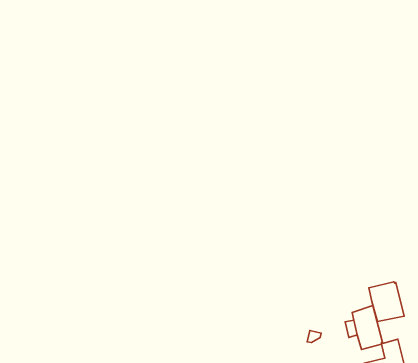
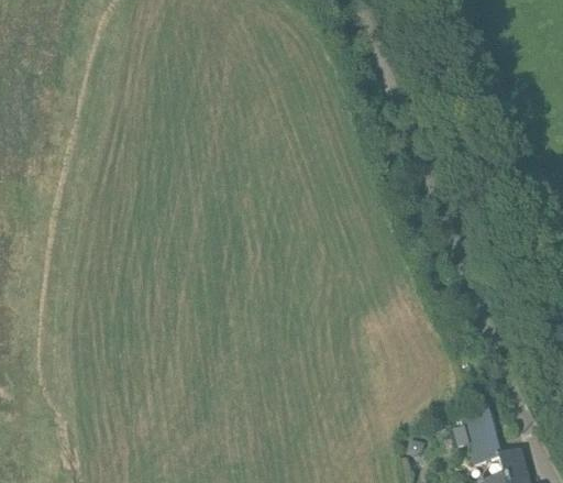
building: [369,282,404,321] -> none

